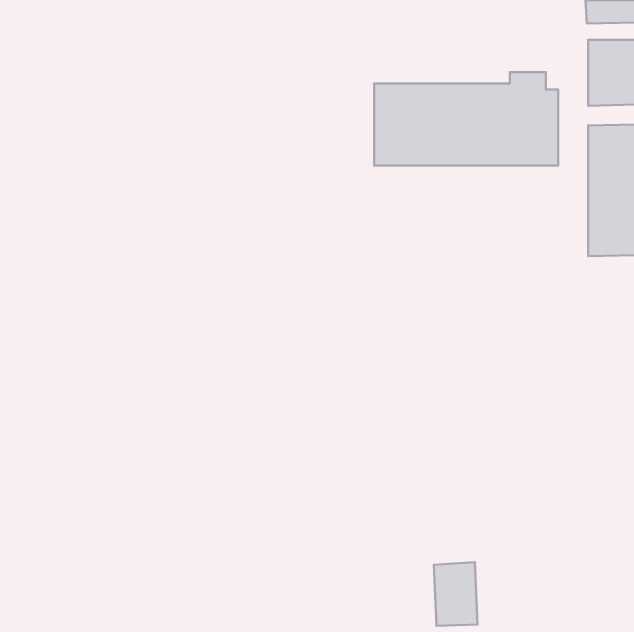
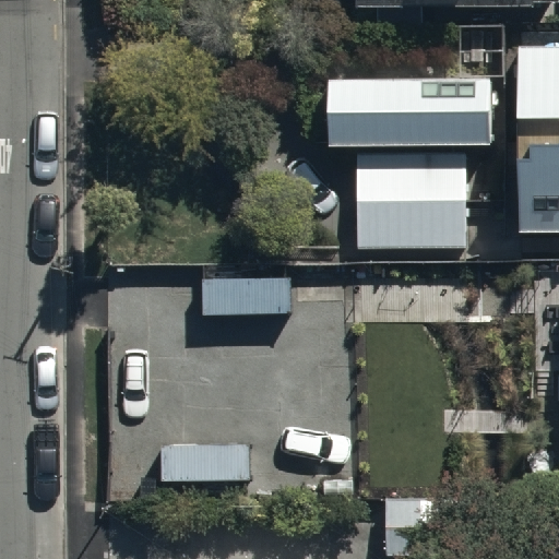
building: none -> [358,156,467,251]

